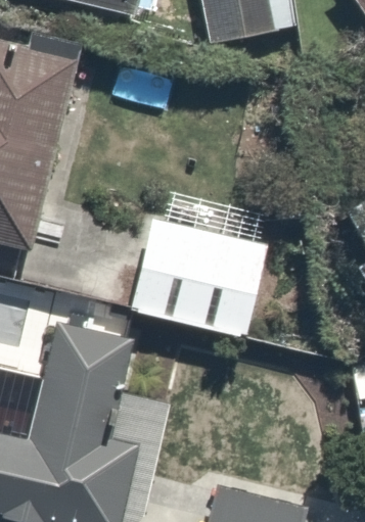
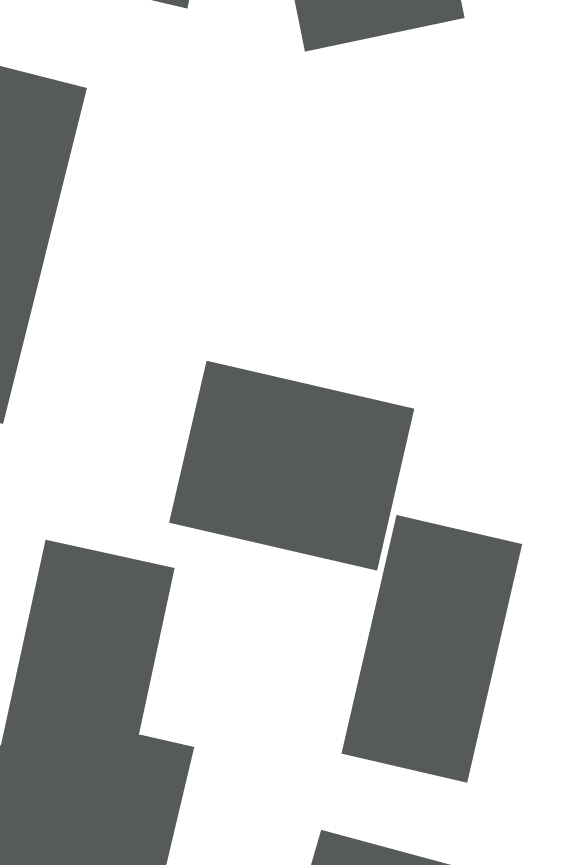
building: none -> [341,514,523,783]

